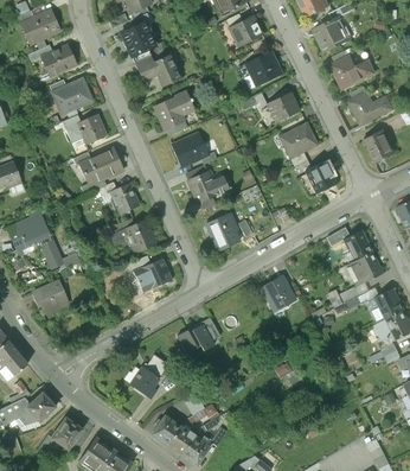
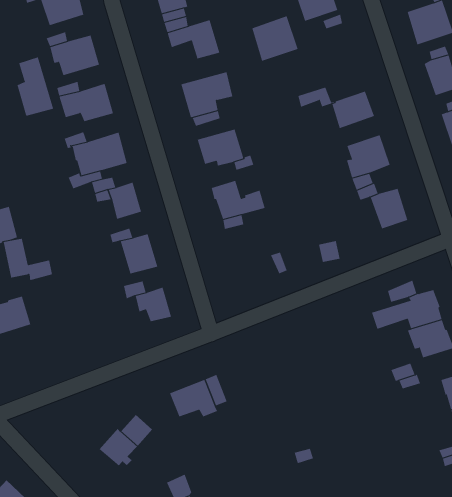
building: [245,50,282,87] -> [252,15,298,62]
building: none -> [17,56,54,117]
building: [206,214,238,249] -> none
building: [262,278,295,310] -> none

